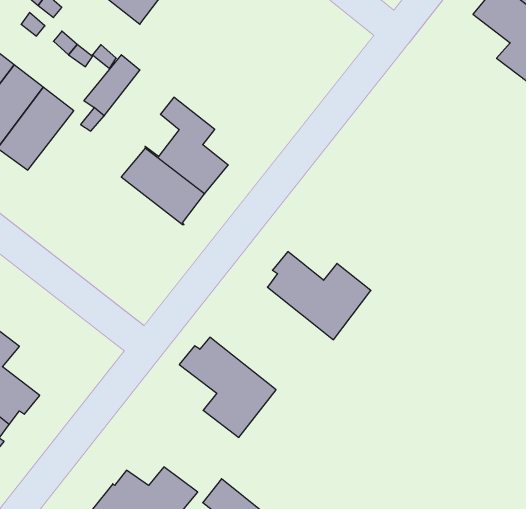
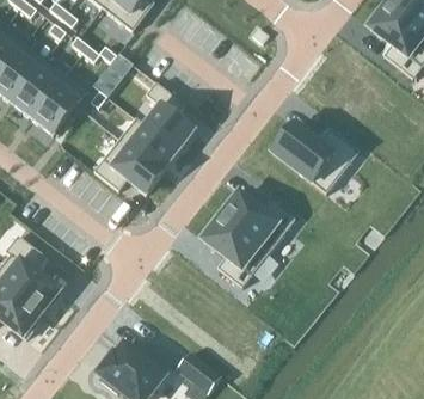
building: none -> [271,122,358,191]
building: none -> [93,137,161,192]
building: [179,337,276,437] -> [199,215,268,286]

